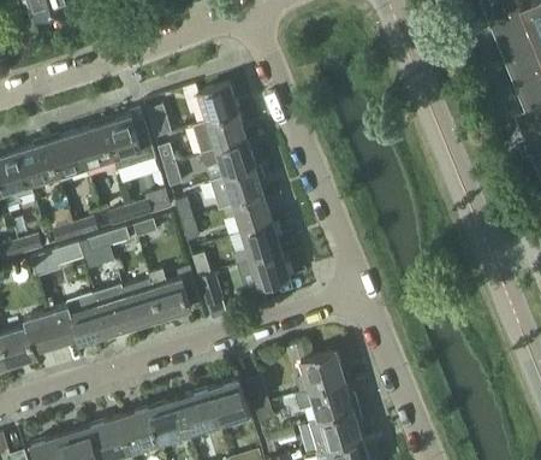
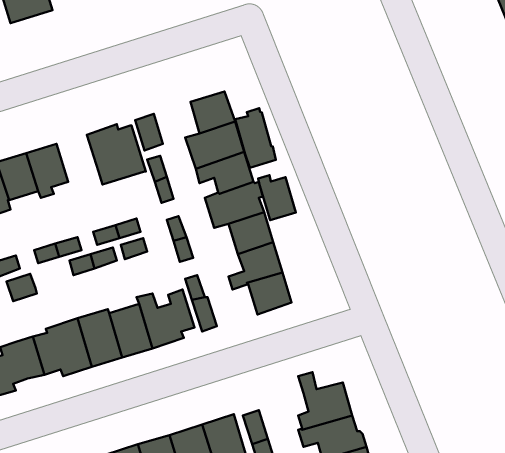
building: none -> [235,108,276,168]
building: [75,125,113,169] -> none
building: none -> [258,175,296,220]

